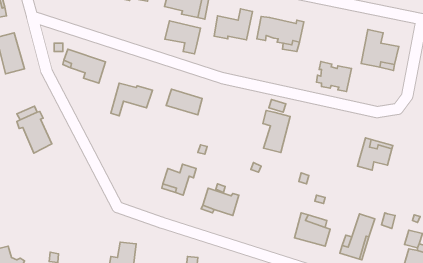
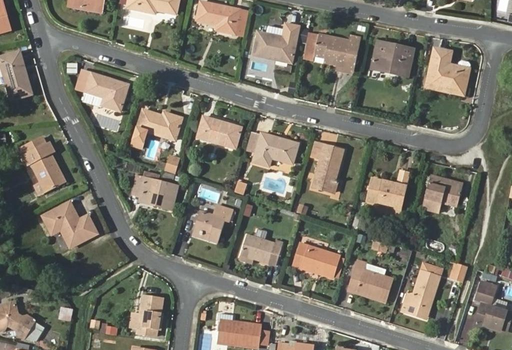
building: [165,21,201,54] -> none
building: [317,62,352,92] -> [373,42,414,77]
building: none -> [254,134,297,166]
building: none -> [367,172,408,215]
building: none -> [133,177,177,209]
building: none -> [43,202,97,247]
building: none -> [291,244,337,278]

